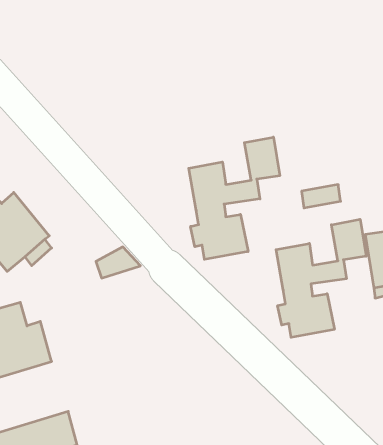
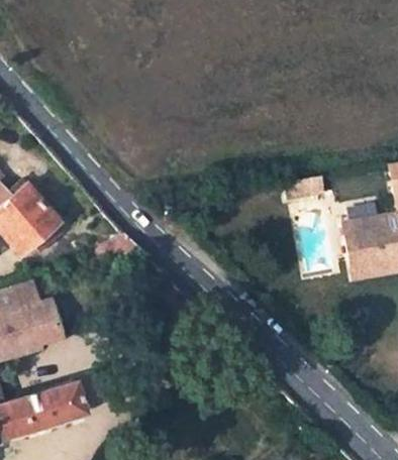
building: [189,137,280,259] -> none
building: [276,219,366,337] -> none

